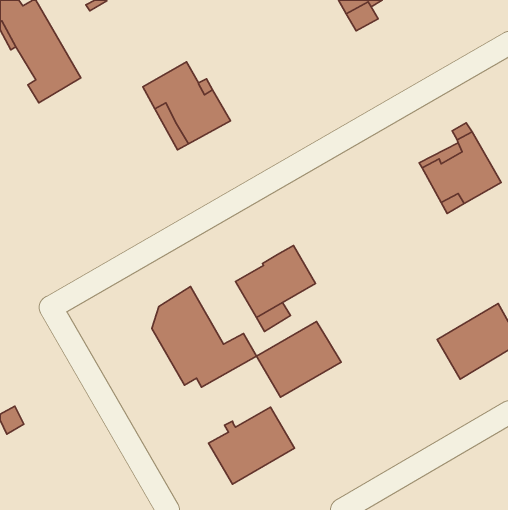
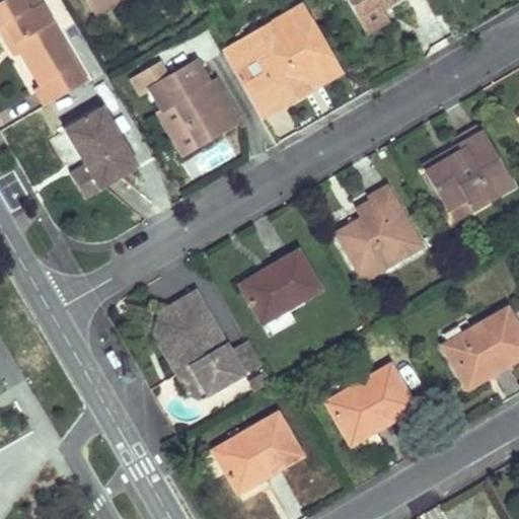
building: none -> [220,7,332,118]
building: none -> [75,108,136,193]
building: none -> [339,187,421,277]
building: [256,321,341,397] -> [328,365,415,442]

